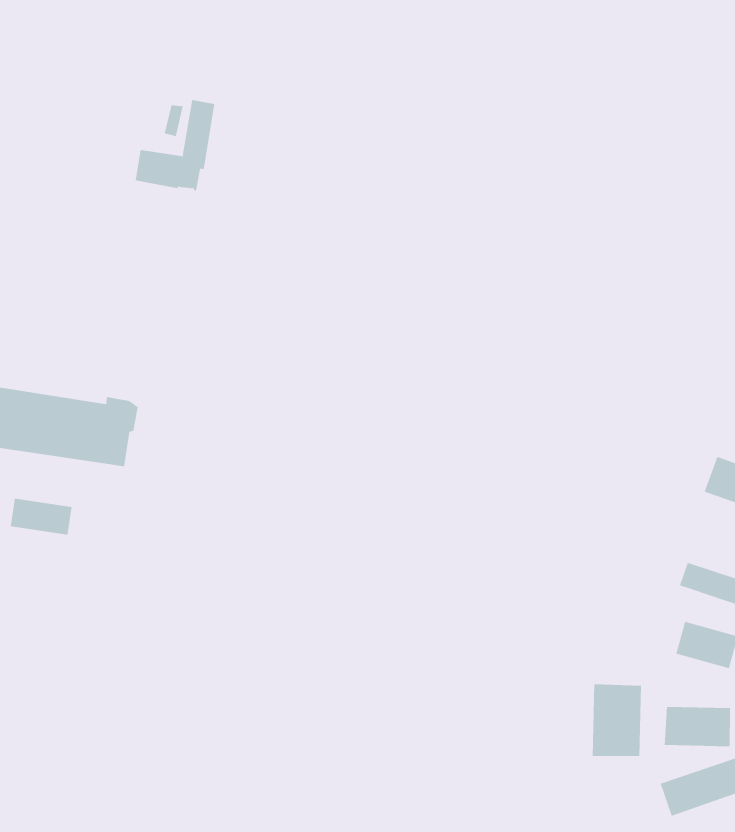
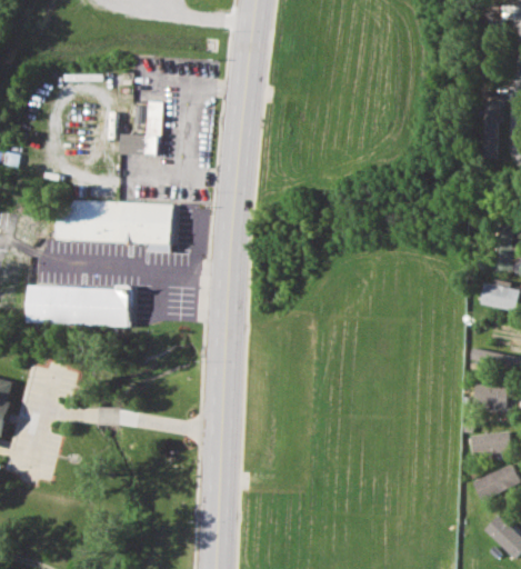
building: none -> [54,199,173,244]
building: [10,498,72,536] -> none
building: [592,684,642,757] -> none

